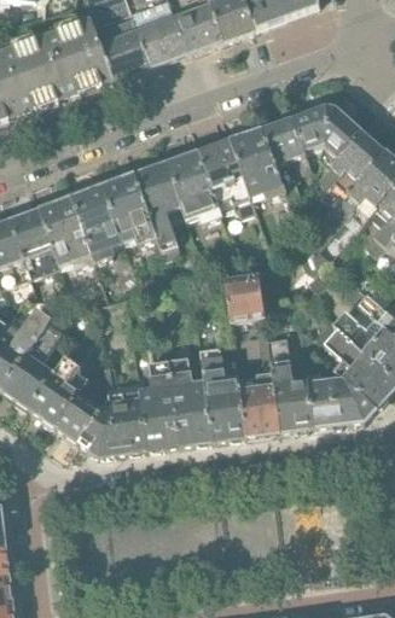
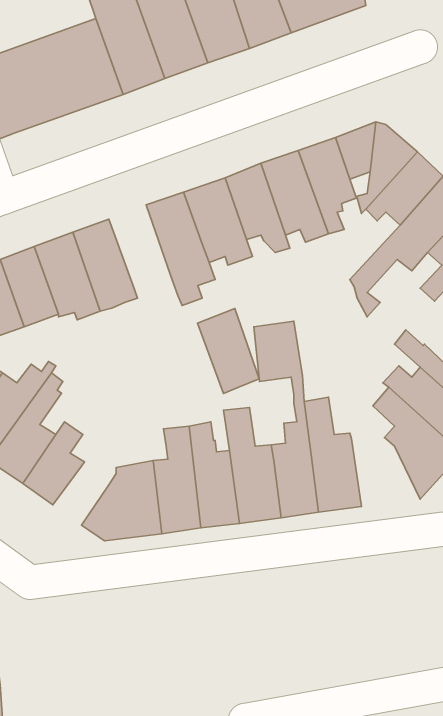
building: [101,173,153,244] -> [198,309,259,393]
building: [306,368,364,426] -> none
building: [54,392,101,442] -> none

